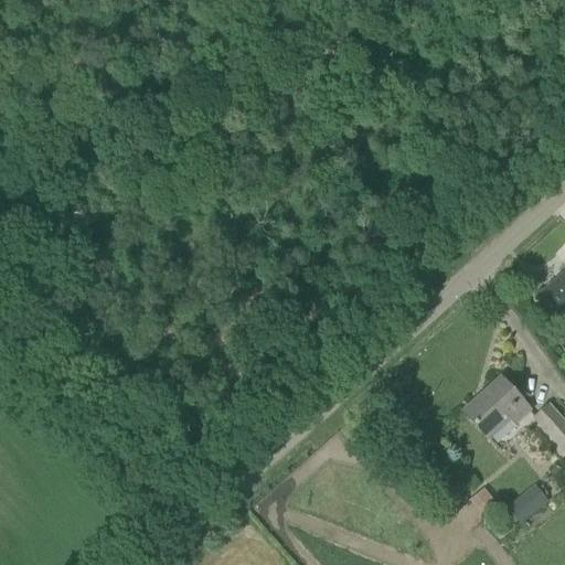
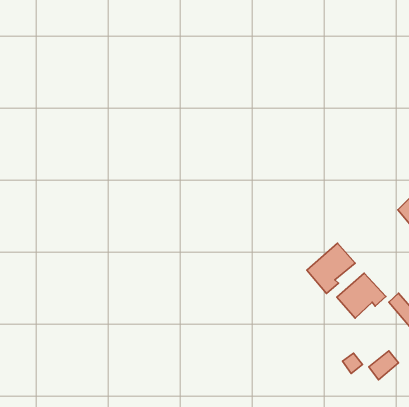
building: none -> [307,243,355,294]

